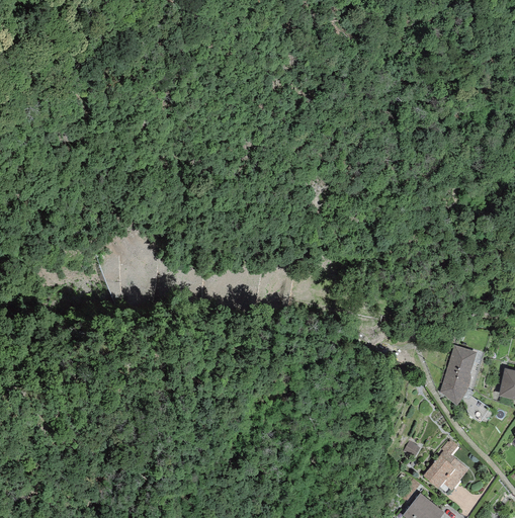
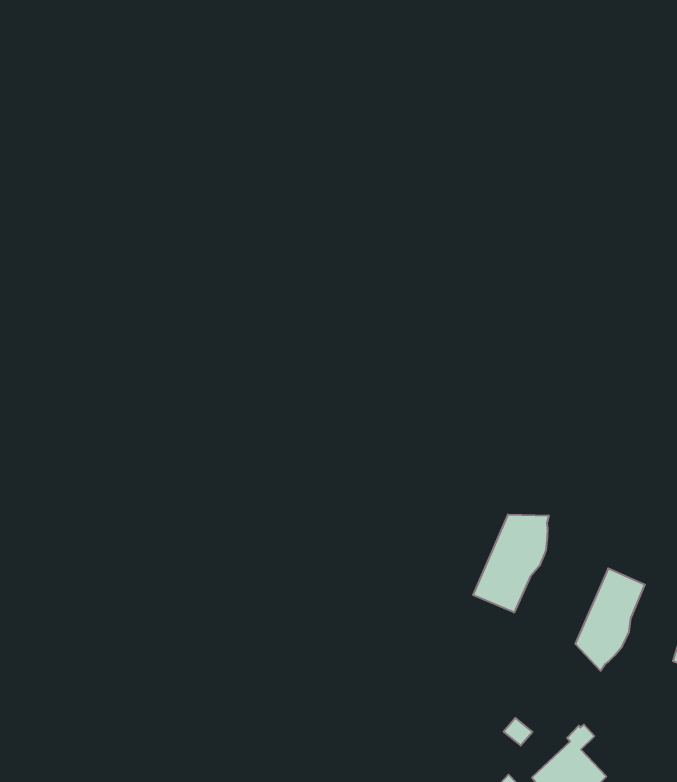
building: none -> [473,514,549,613]

